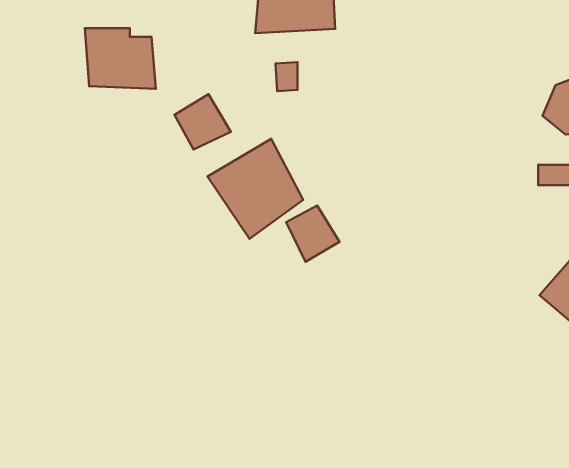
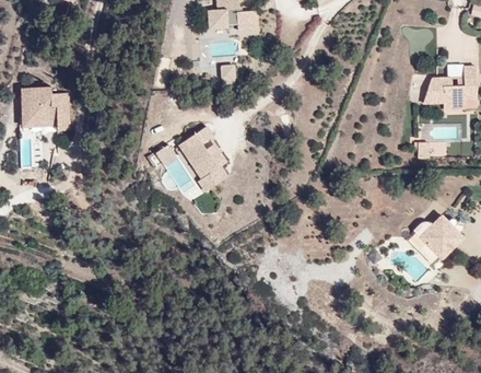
building: [85,28,156,89] -> [22,84,75,130]
building: [175,94,231,150] -> none
building: [286,205,339,262] -> none

